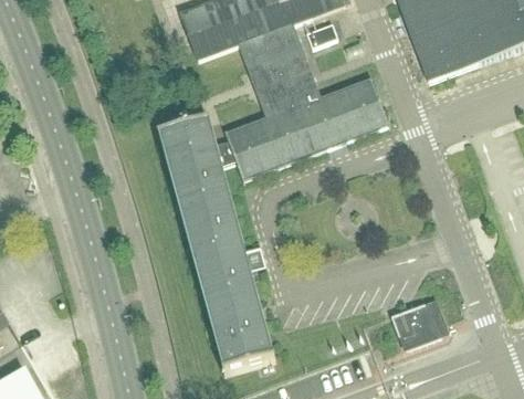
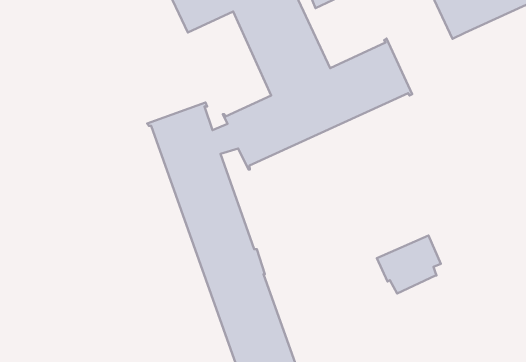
building: [389,298,444,347] -> [377,235,441,294]

